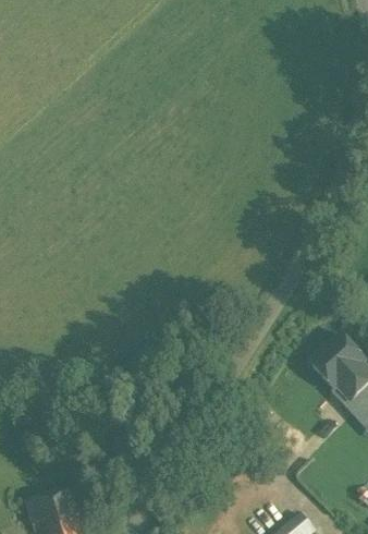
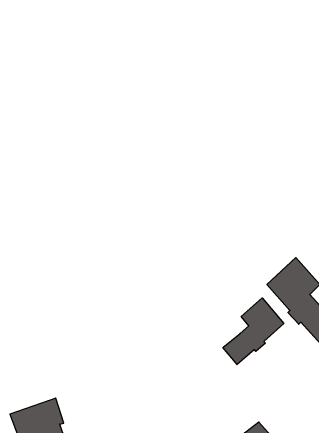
building: none -> [223,298,284,365]

